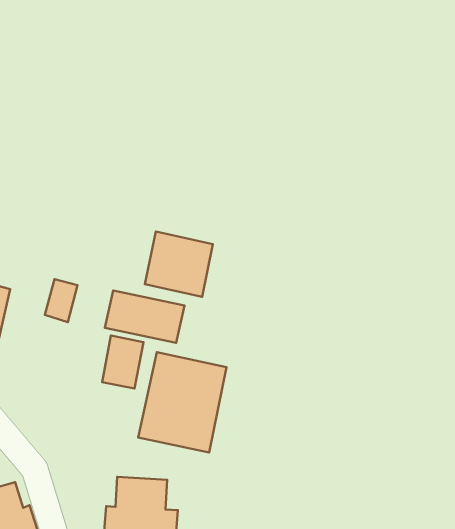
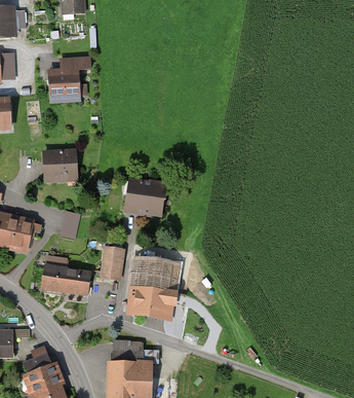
building: none -> [48,56,91,102]
building: none -> [42,148,78,183]
building: [105,291,184,343] -> [40,264,91,296]

